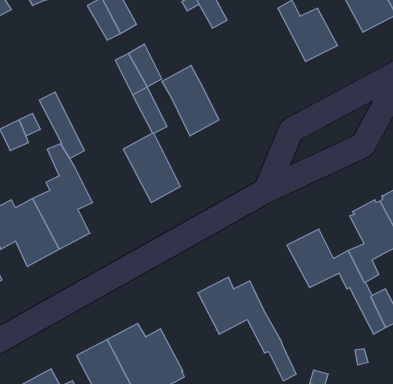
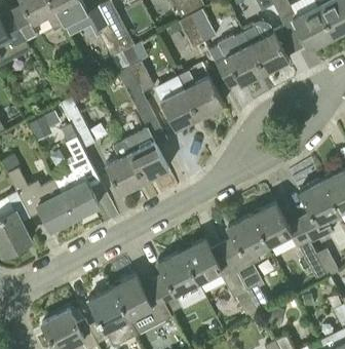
building: none -> [208,33,265,88]
building: none -> [184,77,224,119]
building: none -> [106,142,146,195]
building: none -> [222,216,269,315]
building: none -> [153,253,198,313]

